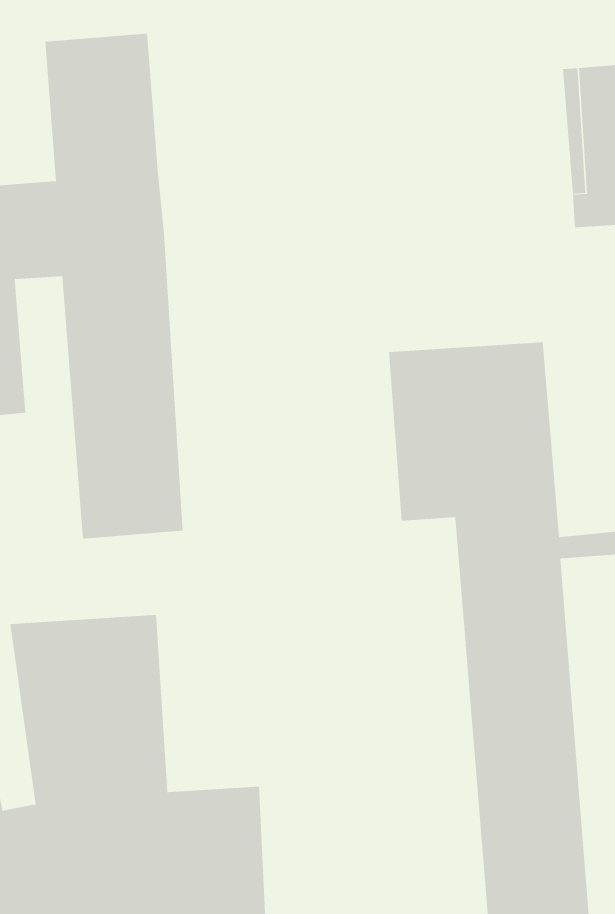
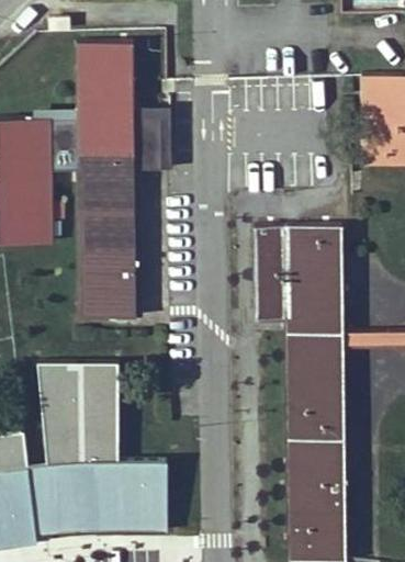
building: none -> [135,119,170,171]

